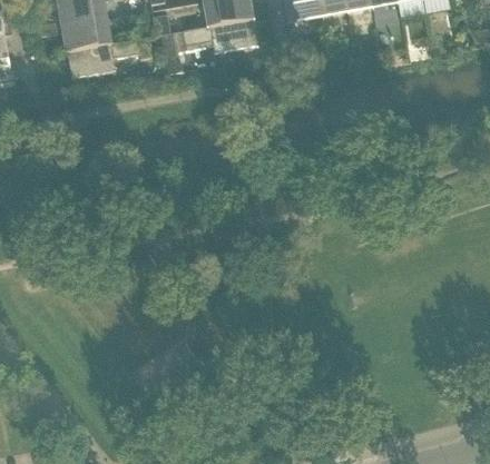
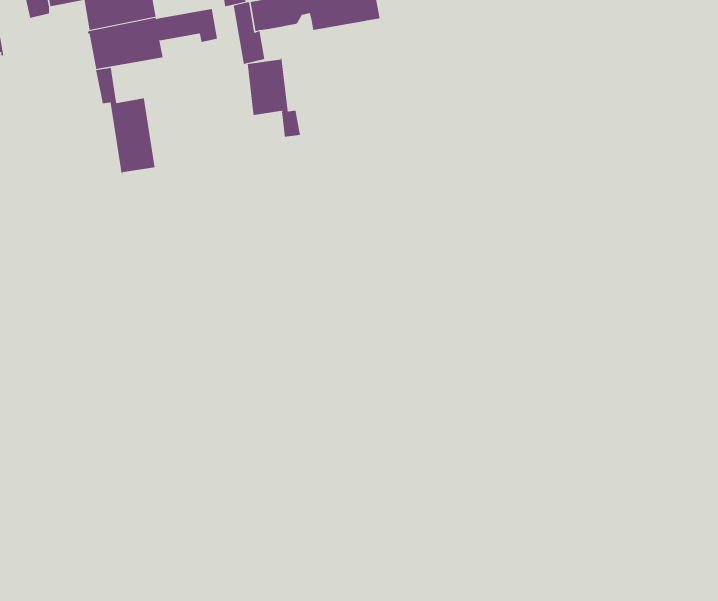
building: none -> [247,57,300,138]
building: none -> [96,67,155,175]

